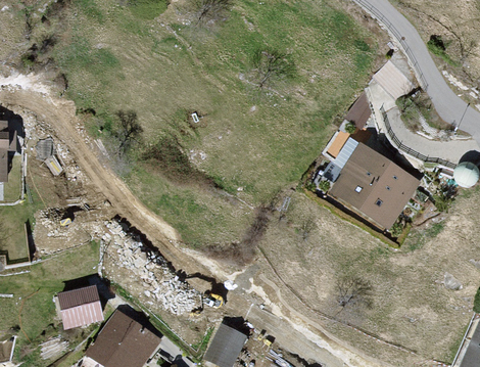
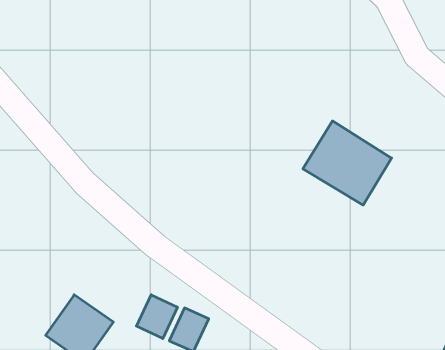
building: [59,286,100,324] -> none
building: none -> [136,295,177,339]

